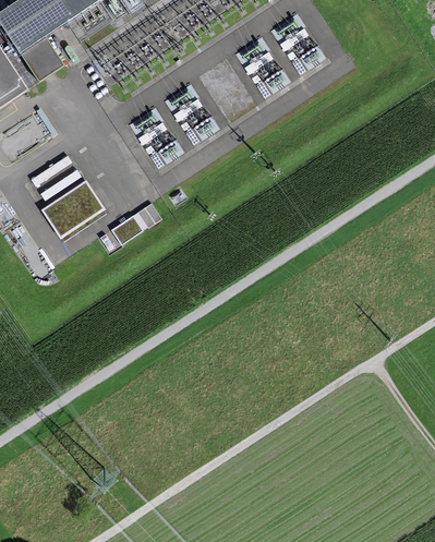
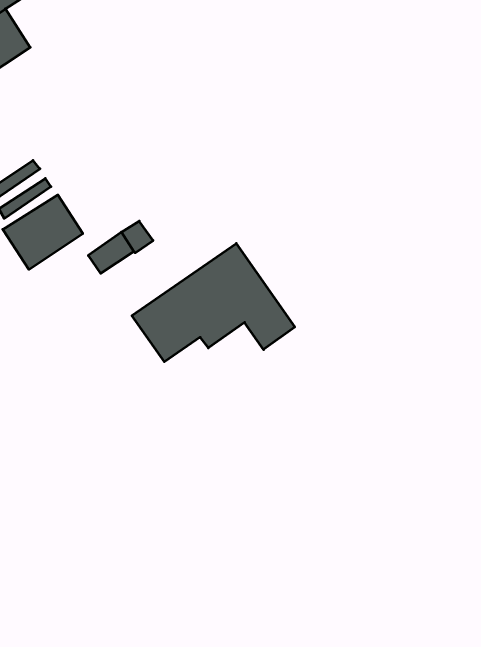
building: none -> [132,243,295,362]

